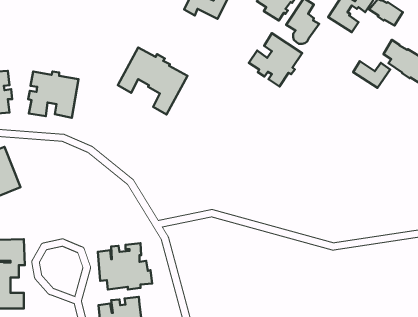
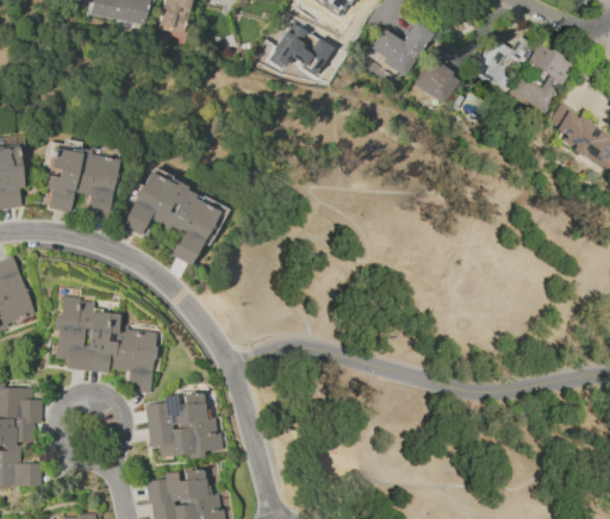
building: [249,33,302,86] -> none
building: [118,47,187,114] -> [122,171,220,267]
building: [353,61,390,88] -> [512,76,565,114]
building: none -> [54,295,156,393]

